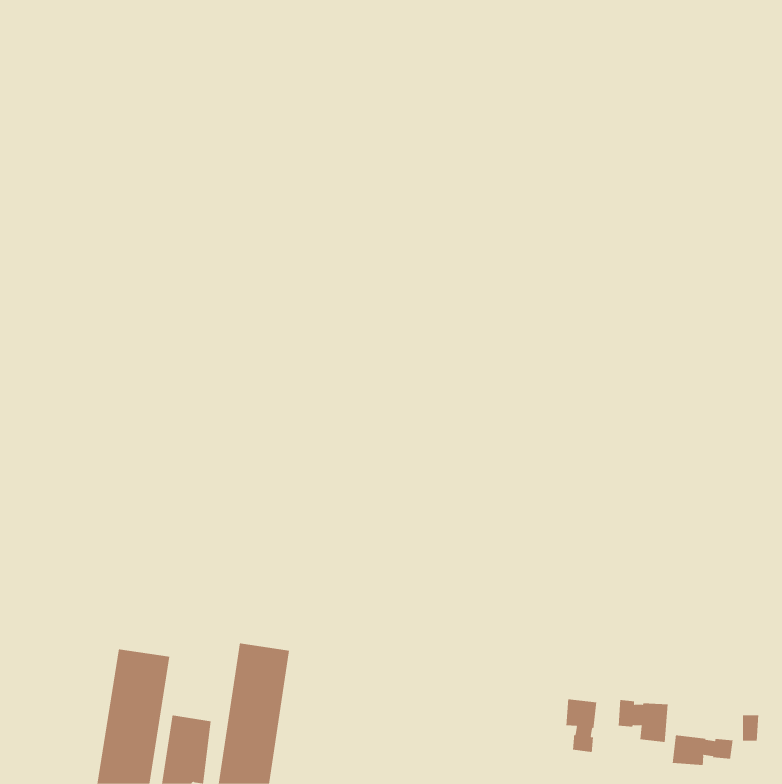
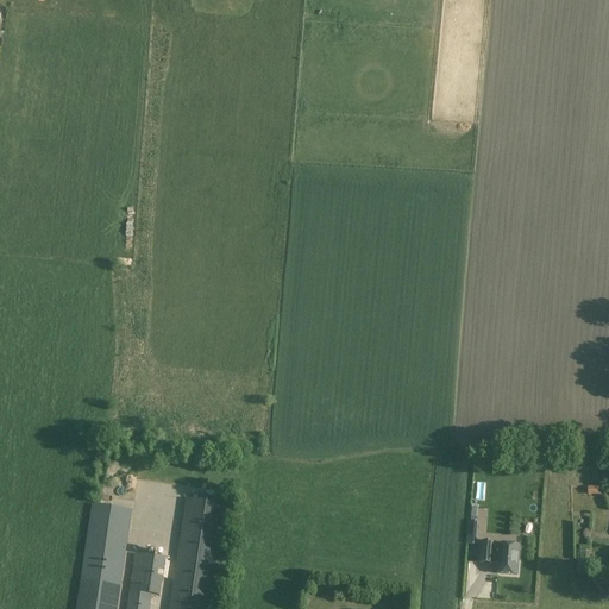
building: [566,699,597,753] -> none
building: [672,735,733,766] -> none

